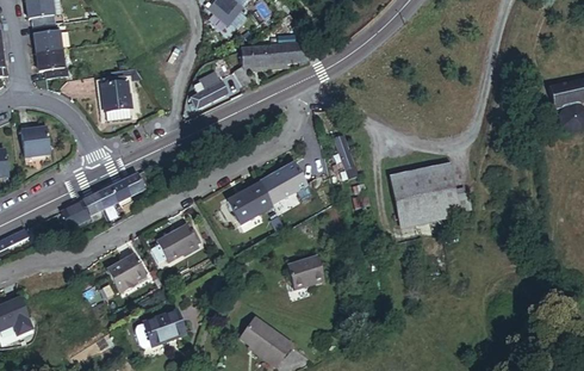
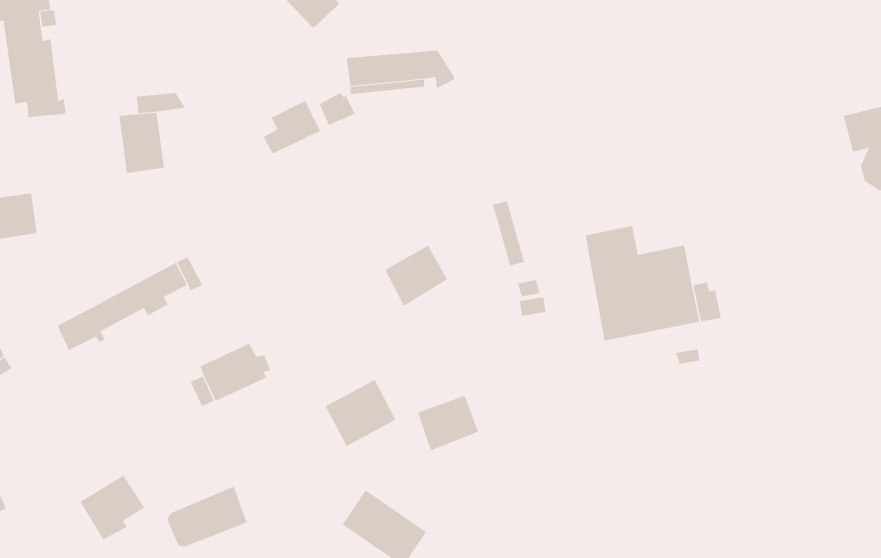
building: [226,183,271,224] -> [325,379,396,447]
building: [110,254,150,295] -> [80,475,145,540]

